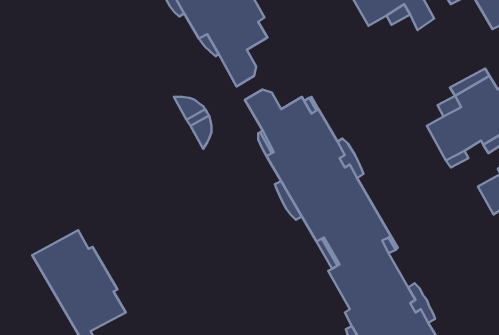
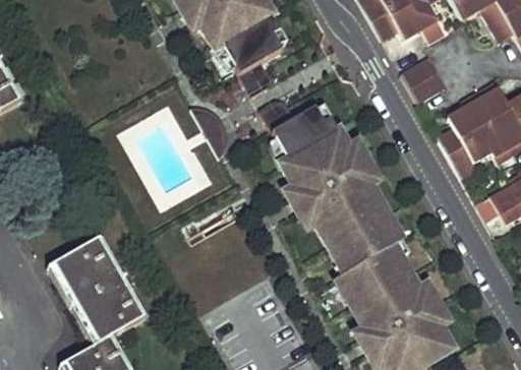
building: none -> [402,59,443,101]

